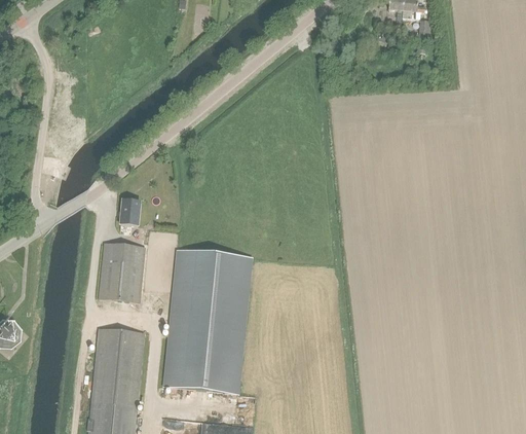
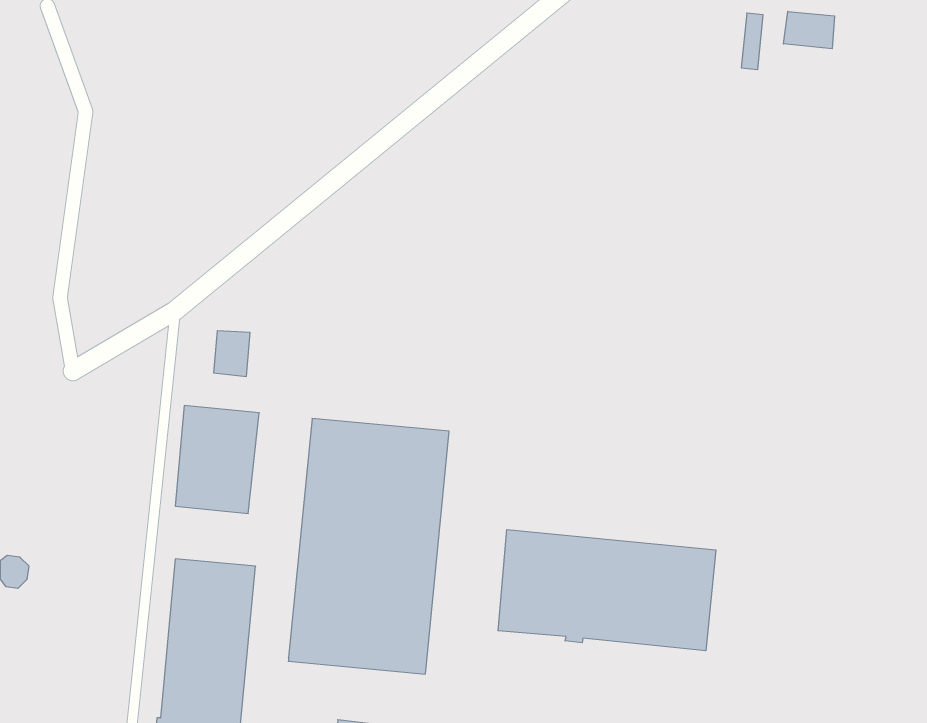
building: none -> [783,11,834,49]
building: none -> [498,530,716,651]

